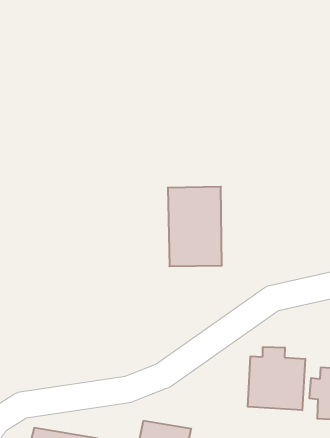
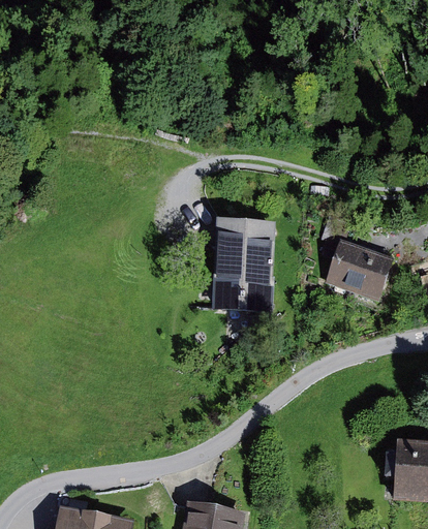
building: none -> [328,244,398,304]
building: [248,347,305,410] -> none

